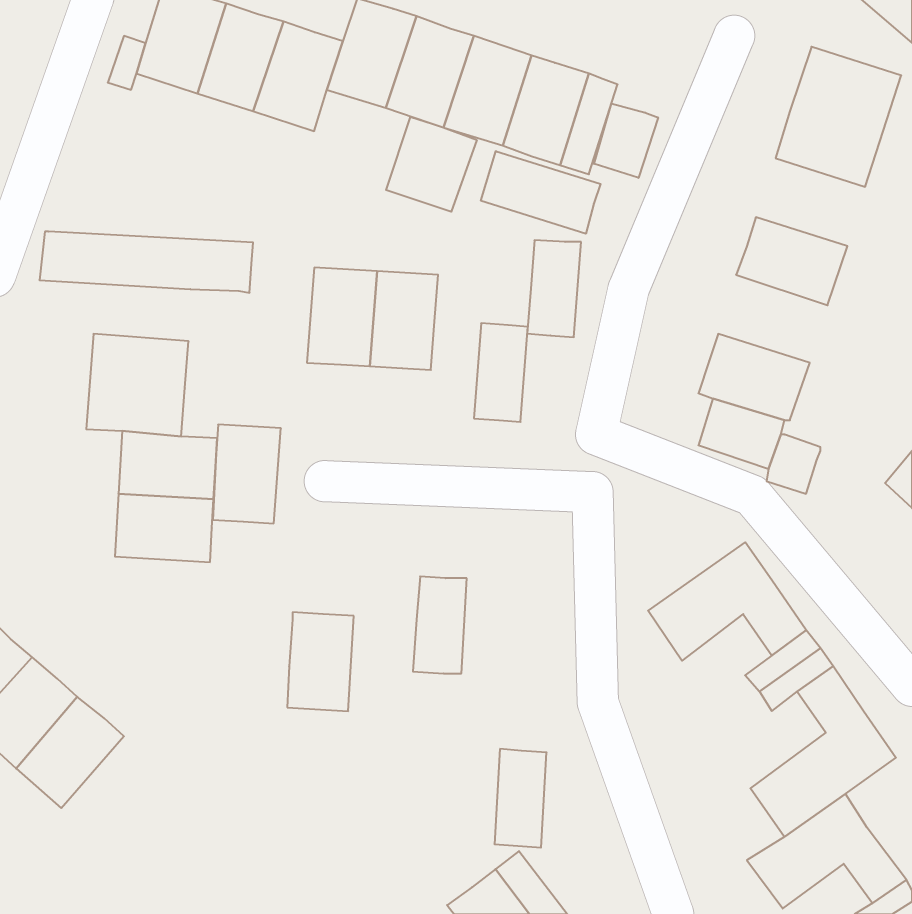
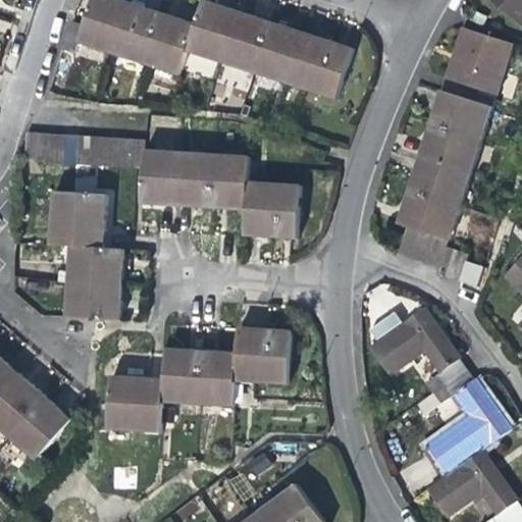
building: [594,104,658,178] -> none
building: [386,117,477,212] -> none
building: [481,151,601,234] -> none
building: none -> [429,90,491,140]
building: [527,240,581,337] -> [243,182,273,238]
building: none -> [408,156,470,206]
building: [213,425,281,523] -> [140,150,178,206]
building: none -> [198,350,237,406]
building: none -> [107,375,164,431]
building: [494,749,547,848] -> [262,328,292,384]

